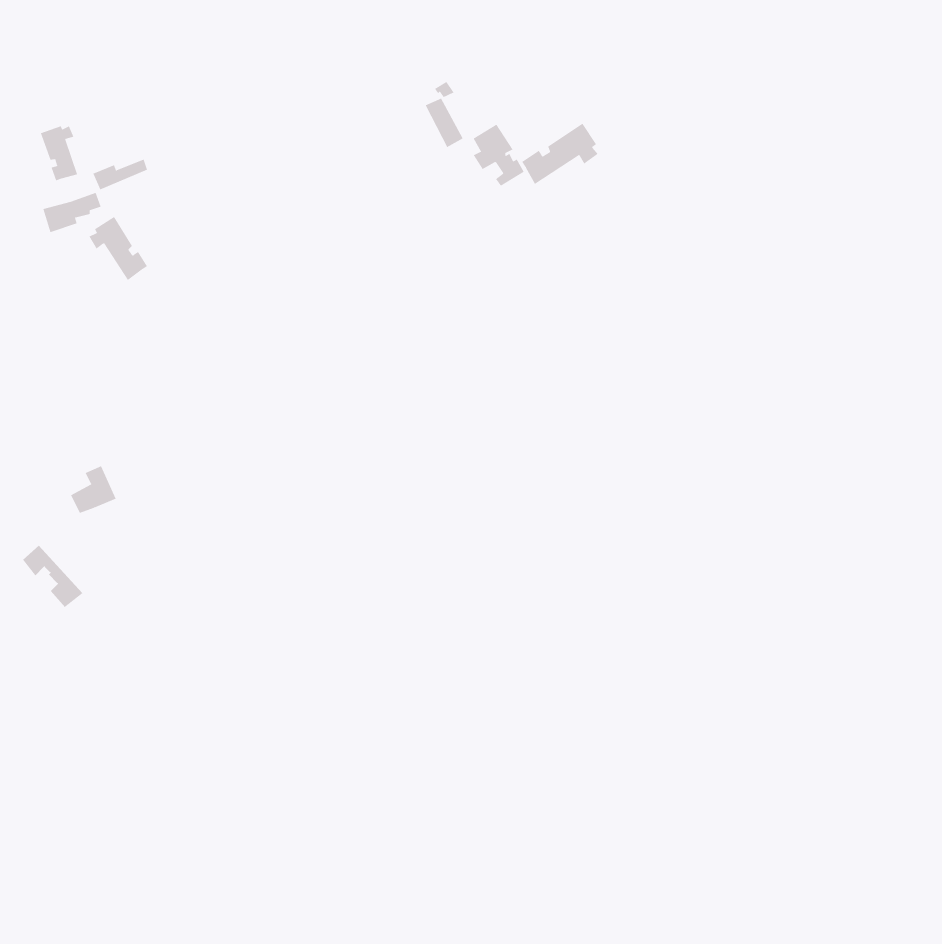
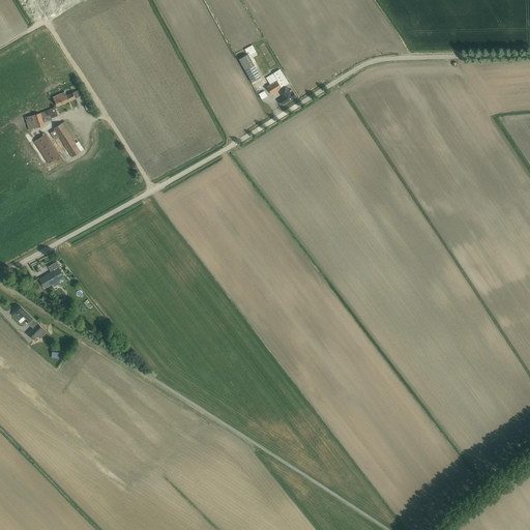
building: [521,123,599,185] -> none
building: [40,126,78,181] -> none
building: none -> [33,134,60,164]

